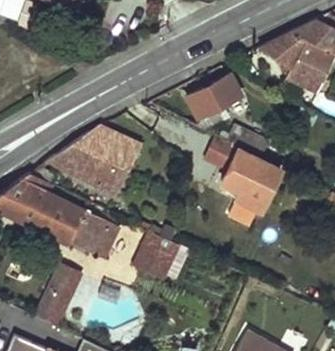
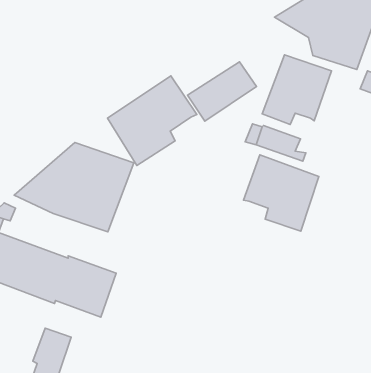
building: none -> [262,55,332,124]
building: none -> [108,76,197,166]
building: [136,232,179,276] -> none

